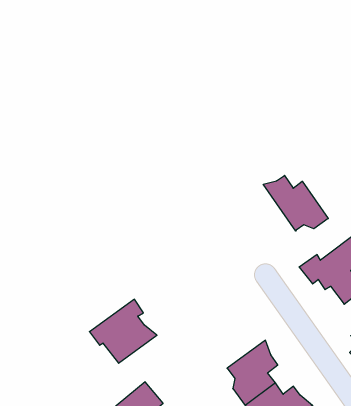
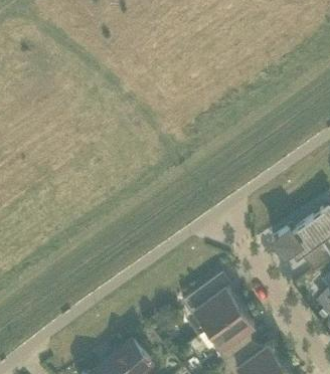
building: [263,175,328,231] -> none
building: [89,299,157,363] -> [181,272,241,330]

